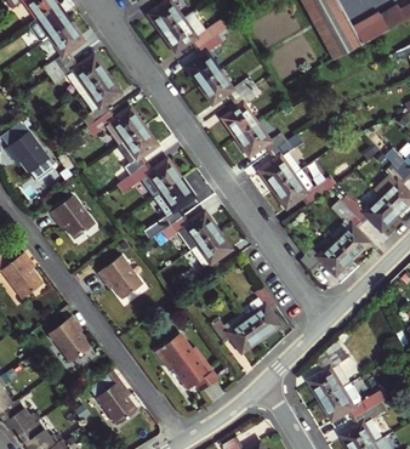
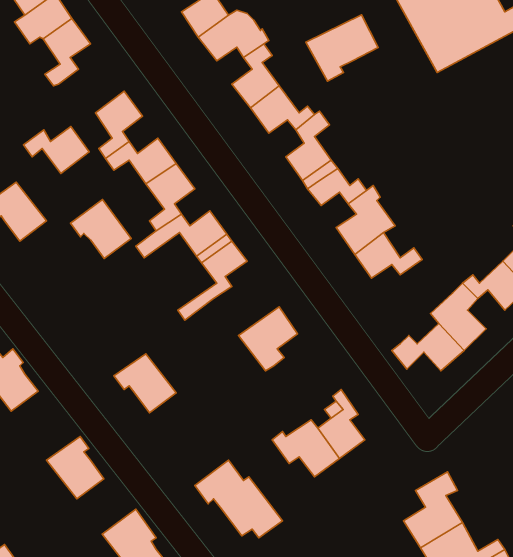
building: none -> [306,15,378,81]
building: [59,53,107,87] -> [24,126,89,174]
building: [53,201,97,244] -> [70,200,131,259]
building: [171,209,218,248] -> none

